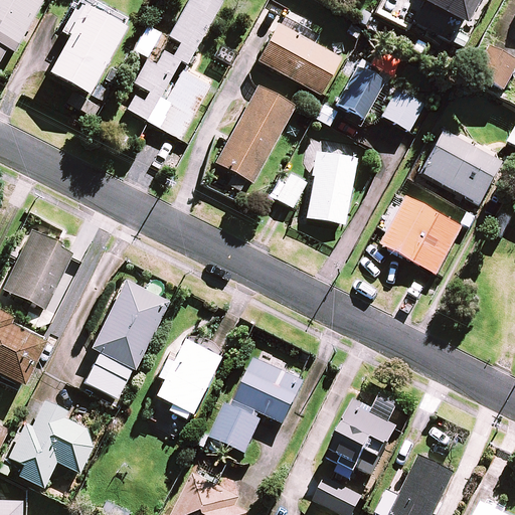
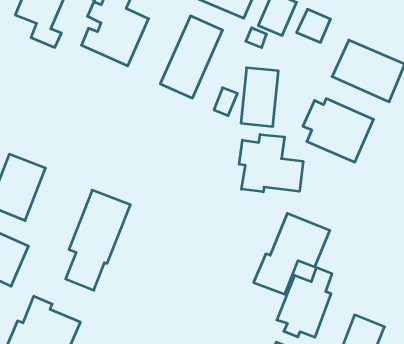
building: none -> [239,134,303,192]
building: [153,337,224,422] -> none
building: [210,358,305,453] -> [254,213,330,294]

